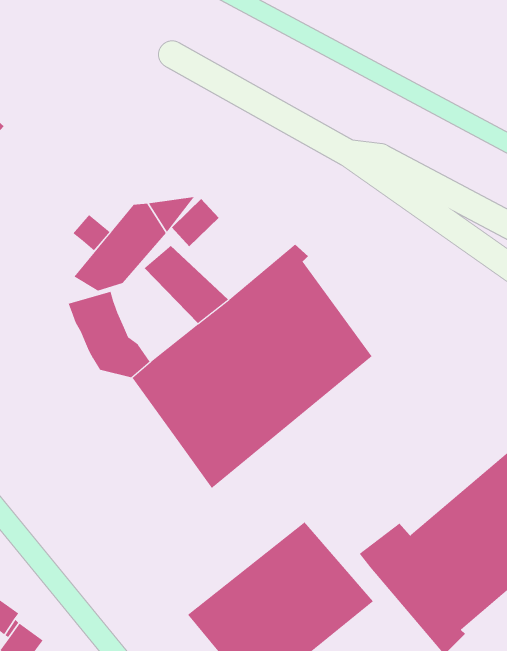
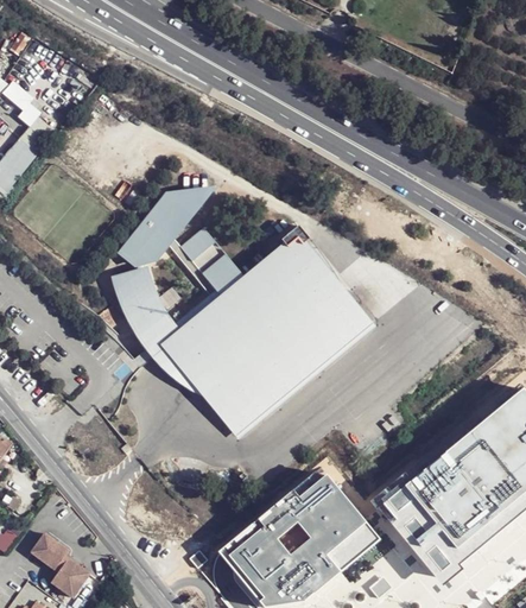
building: [171,198,219,247] -> none
building: [72,214,110,251] -> none
building: none -> [138,336,207,399]

